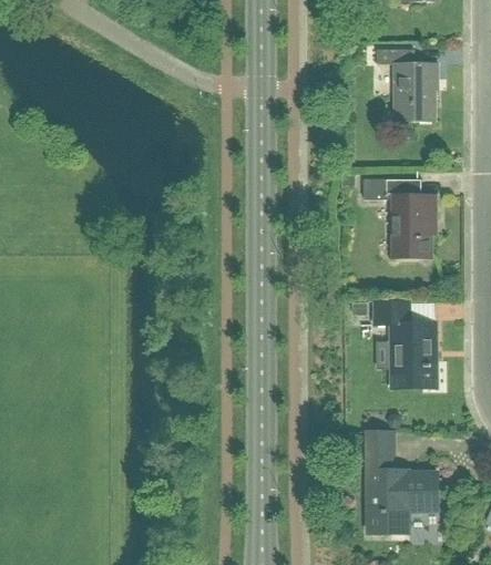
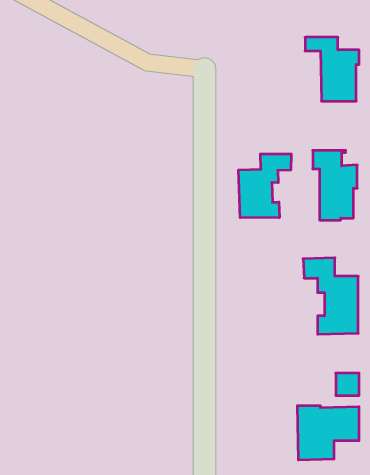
building: none -> [239,154,291,218]
building: [366,431,392,456] -> [336,373,359,395]

